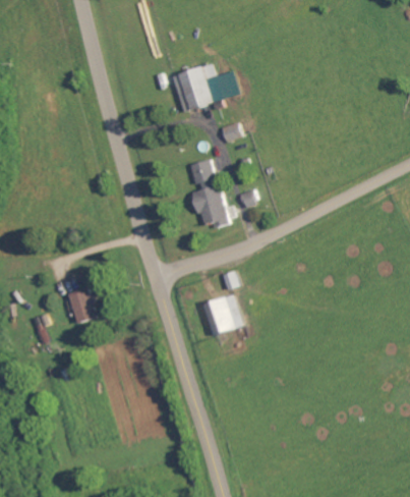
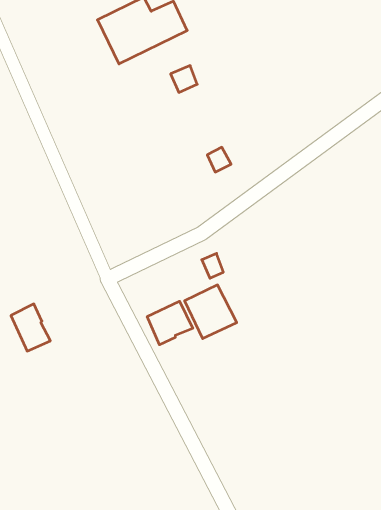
building: [189,159,228,227] -> none
building: none -> [147,301,193,345]

